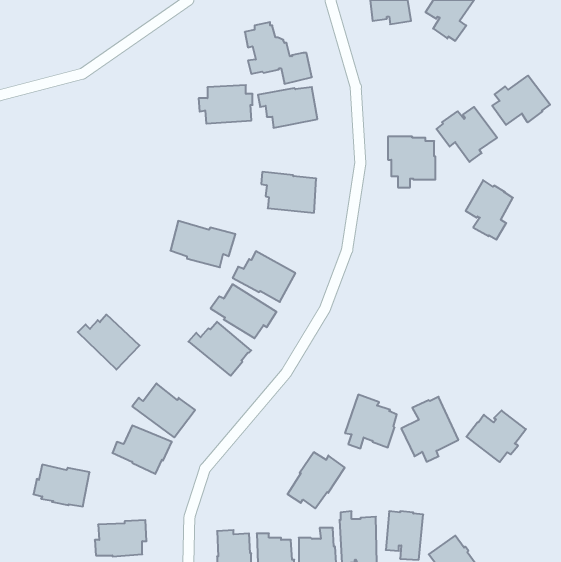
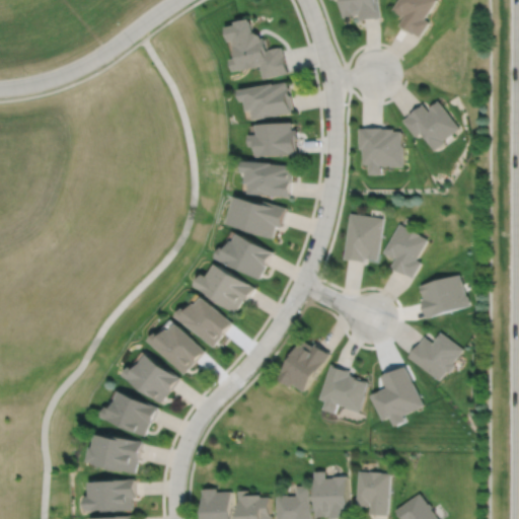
building: [492,76,550,125] -> none
building: [199,85,253,124] -> [247,121,297,156]
building: [466,180,513,240] -> [382,223,426,278]
building: [170,221,235,267] -> [226,195,286,237]
building: none -> [342,213,381,262]
building: none -> [418,274,467,318]
building: [78,315,140,370] -> [147,323,204,374]
building: [466,410,526,462] -> [406,332,461,380]
building: [287,452,345,508] -> [276,340,328,391]
building: [33,465,90,506] -> [89,435,141,473]

